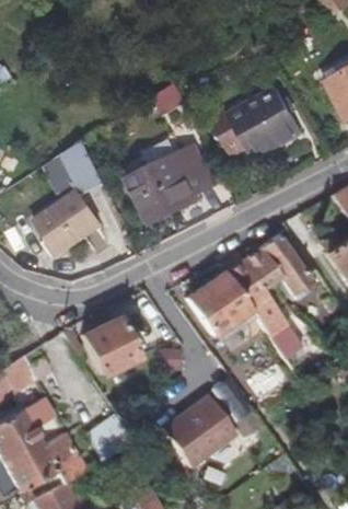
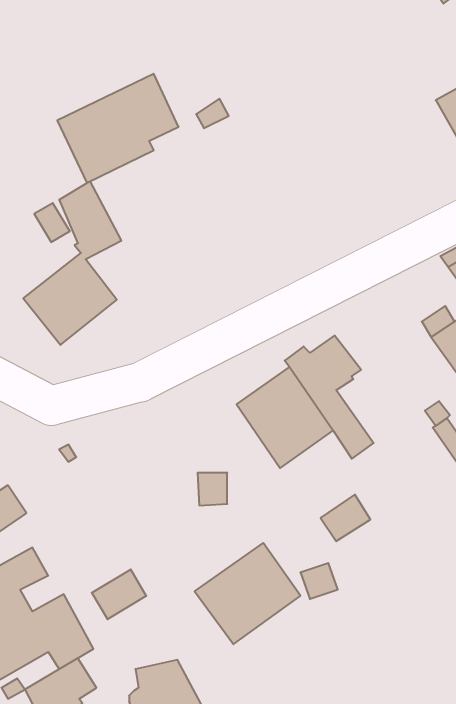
building: [212,94,301,158] -> none
building: [132,146,218,222] -> [57,74,179,183]
building: [256,233,310,294] -> none
building: [80,315,136,372] -> none

